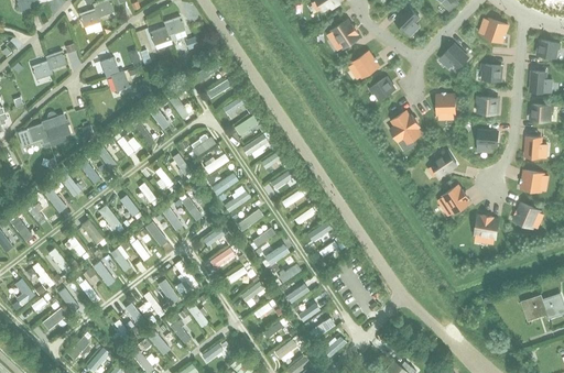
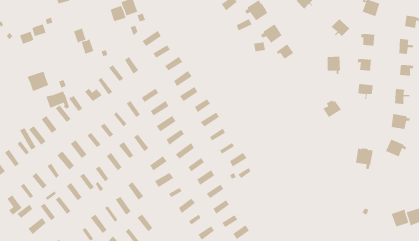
building: [390,111,421,149] -> none
building: [17,124,48,149] -> [46,91,70,109]
building: [437,185,469,213] -> none

